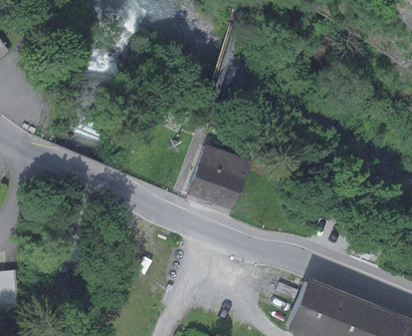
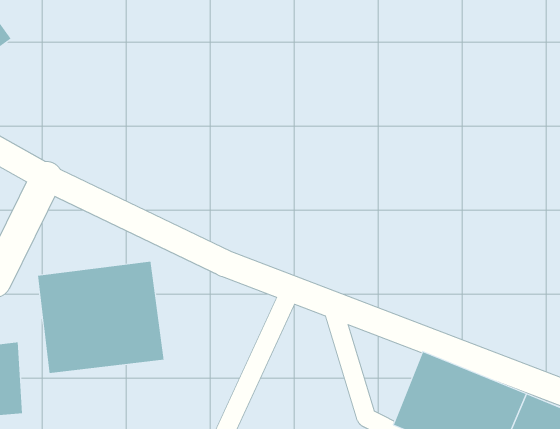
building: [185,143,249,210] -> none
building: none -> [38,261,164,374]

